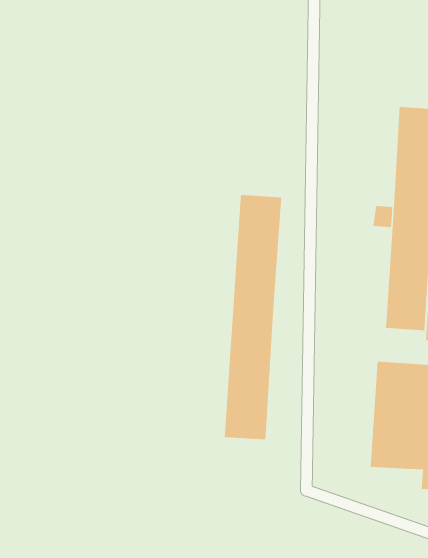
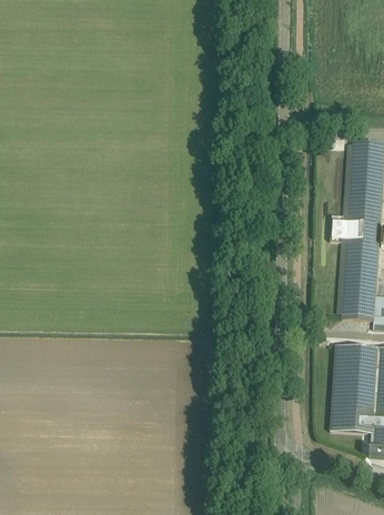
building: [224,194,282,440] -> none

